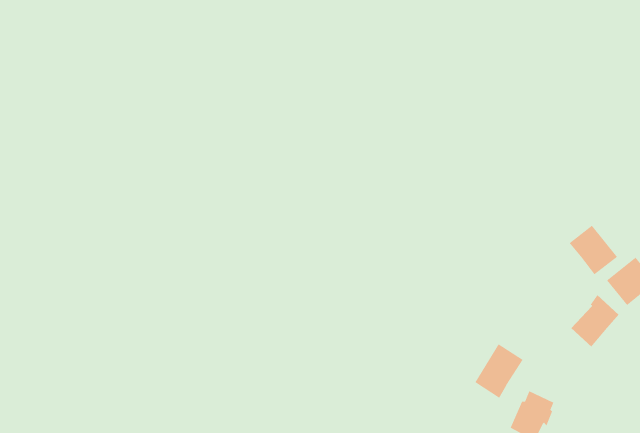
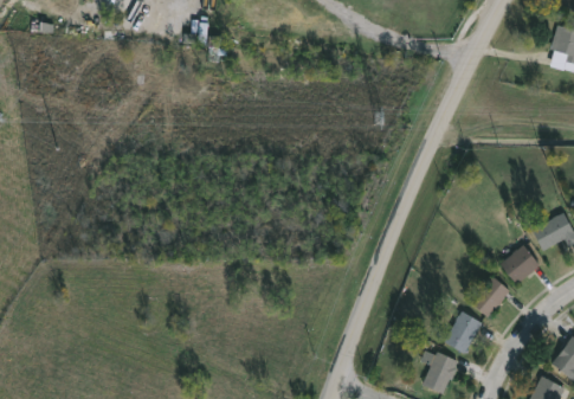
building: [569,225,618,275] -> none
building: [474,343,523,398] -> [443,310,482,354]

